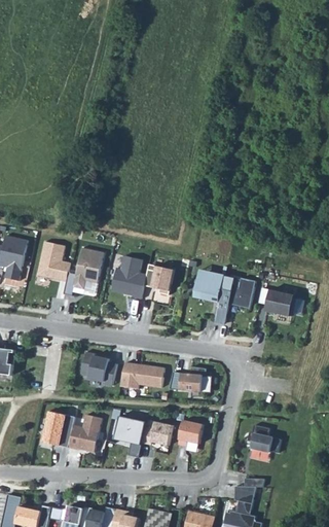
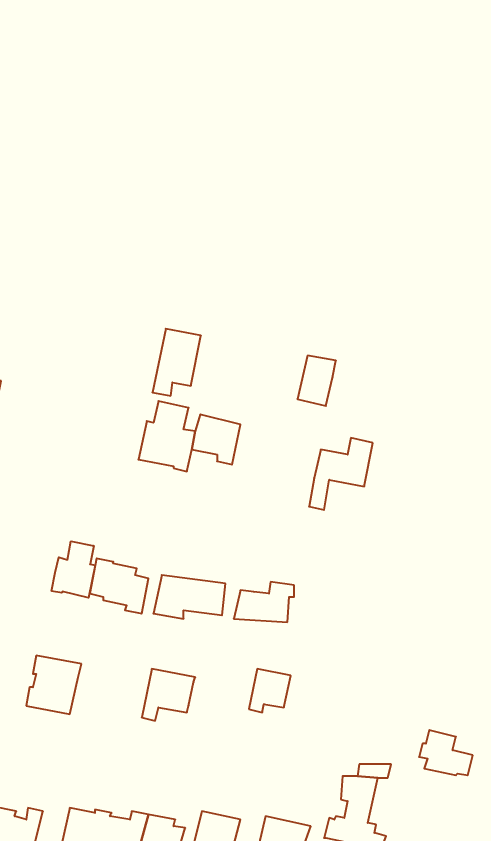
building: [36,241,69,281] -> none
building: [72,250,102,291] -> [152,329,201,396]
building: [200,271,224,302] -> [297,356,336,406]
building: [258,286,294,322] -> none
building: none -> [52,541,95,598]
building: [68,414,101,452] -> none
building: [141,421,173,445] -> none
building: [248,423,281,451] -> [419,730,473,775]

